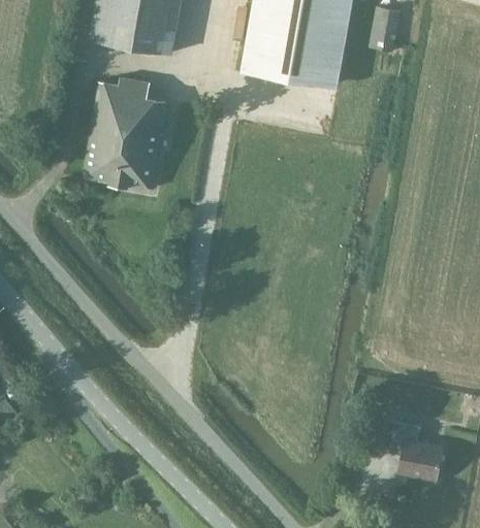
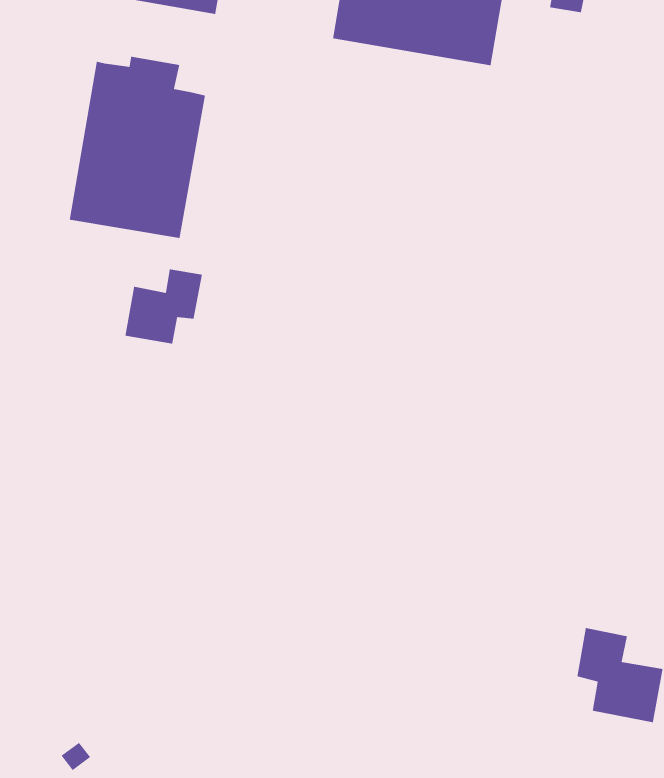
building: none -> [124,268,203,345]

